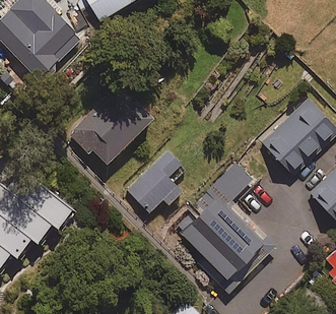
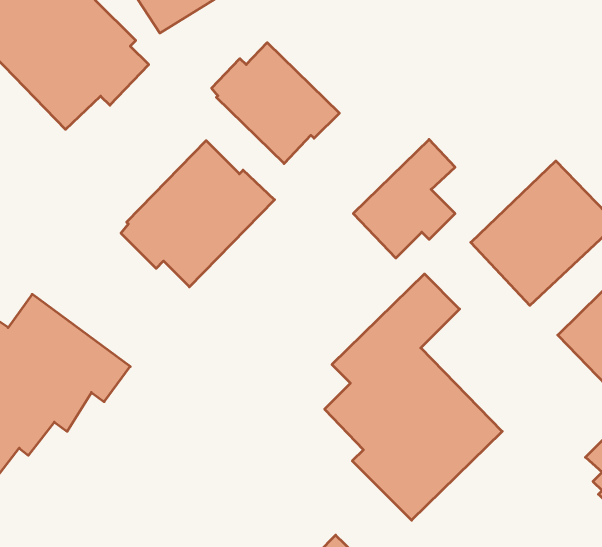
building: none -> [212,43,339,164]
building: [126,149,182,214] -> [353,139,455,258]

